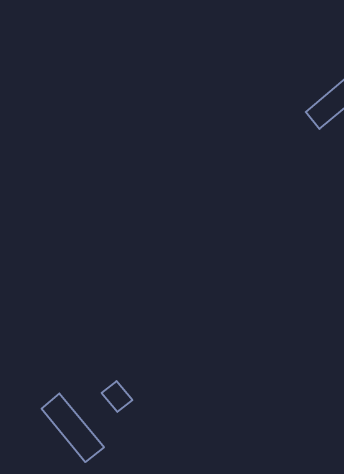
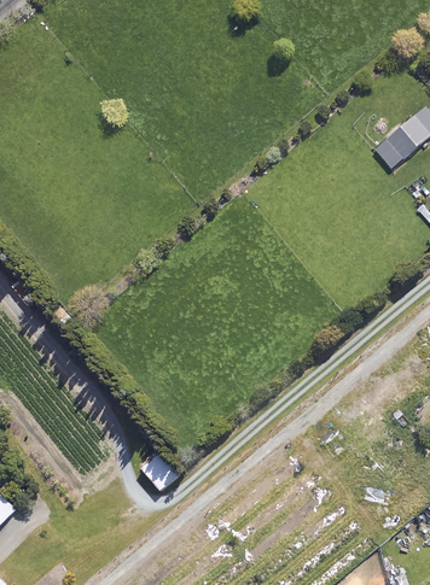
building: [42,393,104,462] -> none

